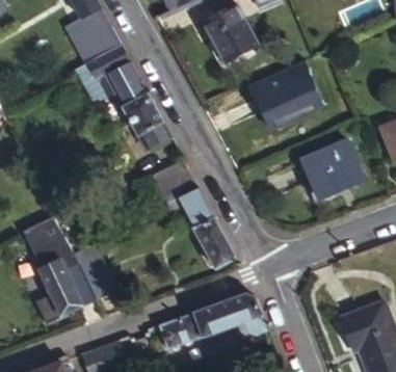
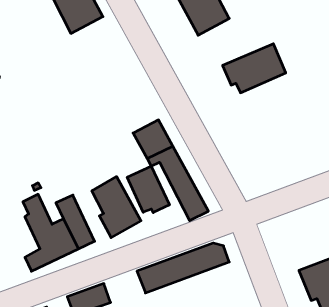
building: [79,43,170,152] -> none
building: [301,143,362,198] -> none
building: none -> [127,166,169,213]
building: none -> [92,177,141,238]

